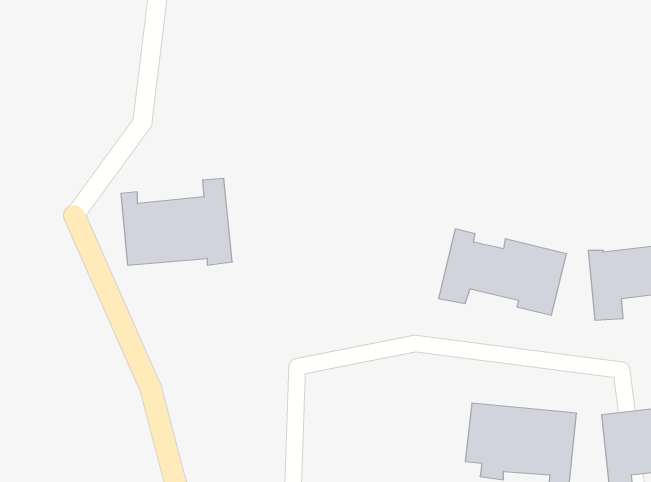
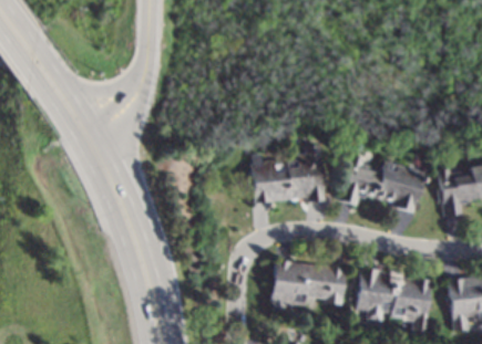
building: [121,179,232,265] -> [250,145,325,202]
building: none -> [271,260,347,305]

